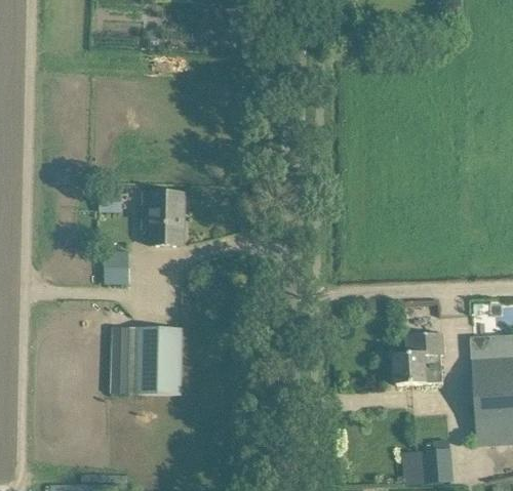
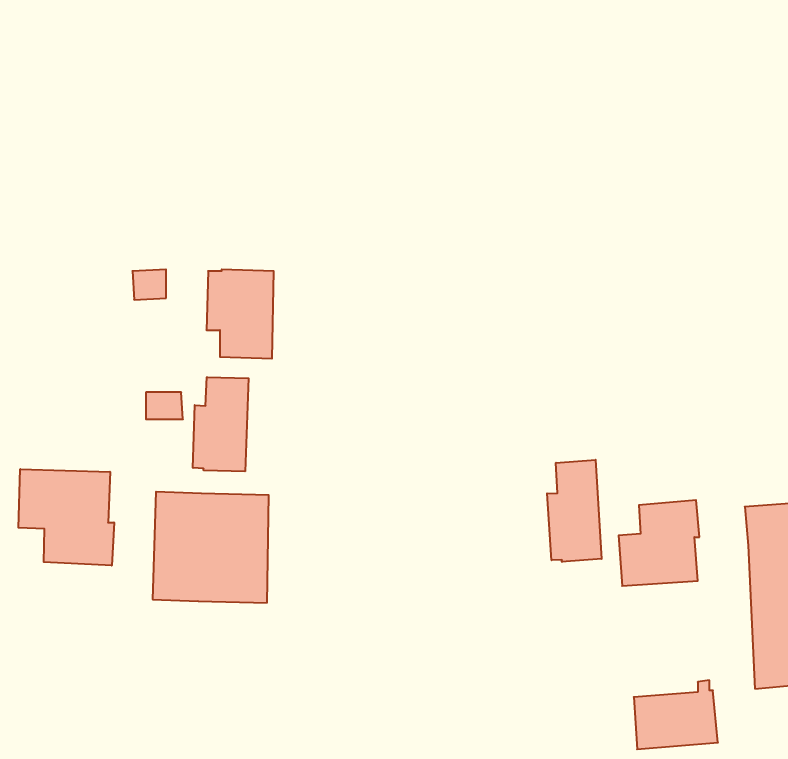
building: none -> [193,377,249,471]
building: none -> [547,460,602,562]
building: none -> [18,469,114,566]

